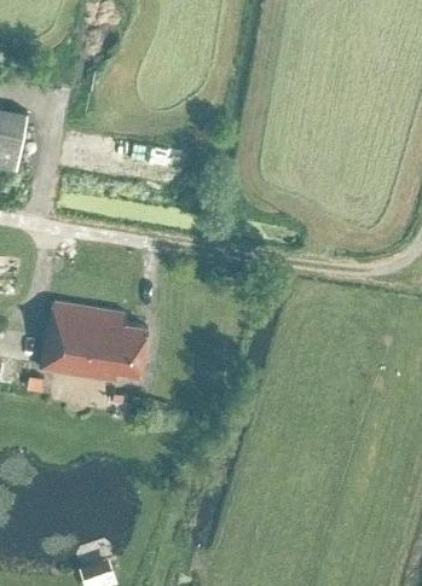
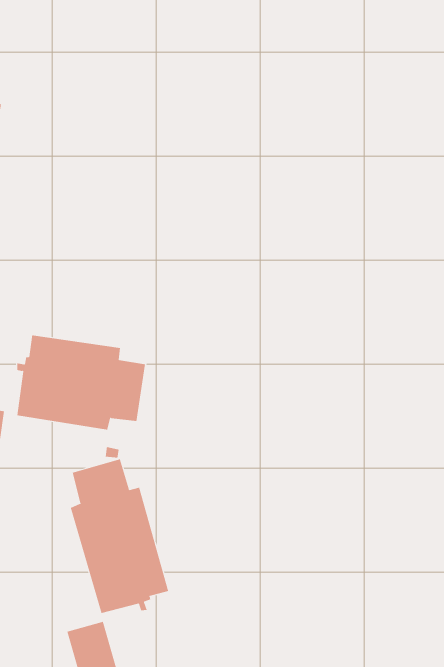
building: none -> [70,459,169,614]

